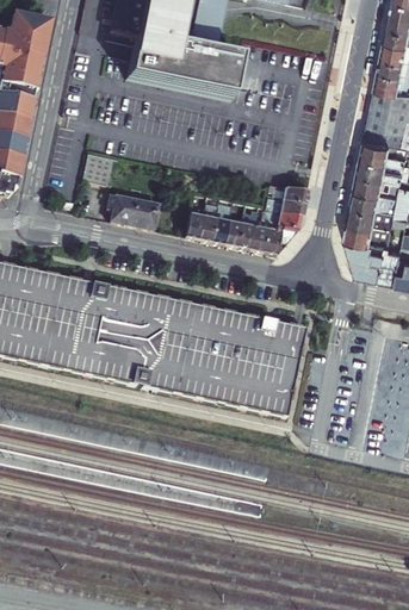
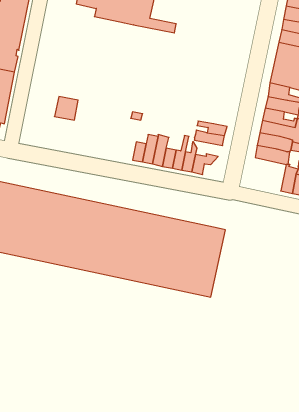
building: [130,45,241,97] -> none
building: [109,191,159,226] -> none
building: [266,207,304,229] -> none
building: [347,230,388,274] -> none

